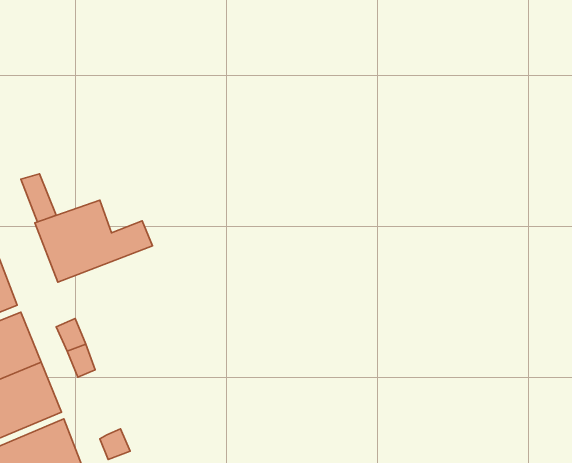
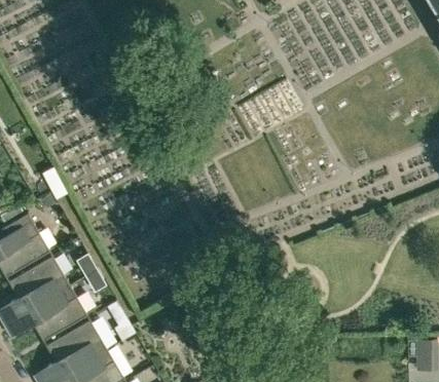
building: [35,200,153,282] -> none

